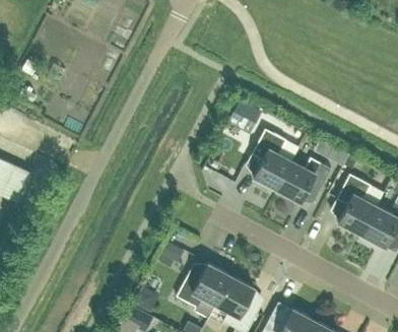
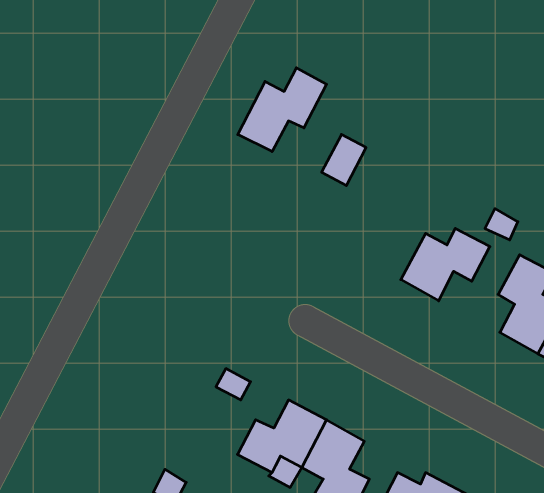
building: none -> [238,68,327,152]
building: [253,128,292,189] -> none

